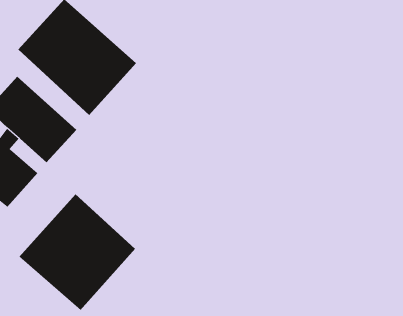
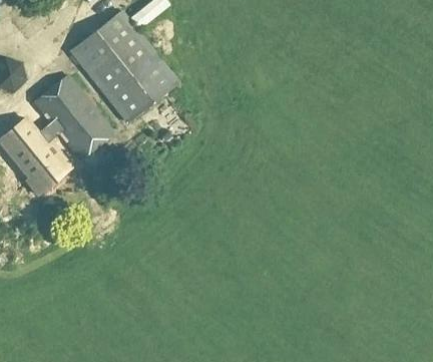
building: [19,193,136,311] -> none

